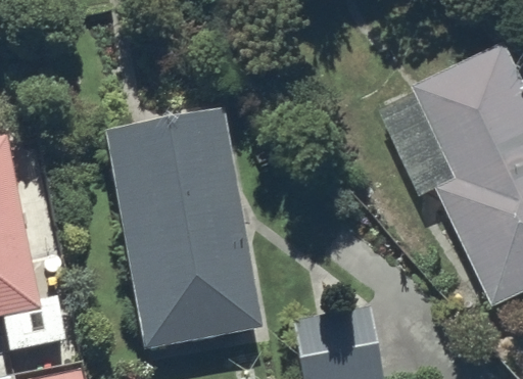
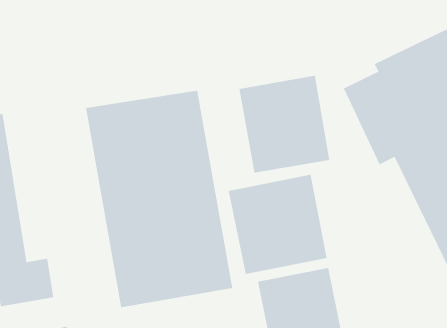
building: none -> [238,75,330,174]
building: none -> [228,174,327,275]

